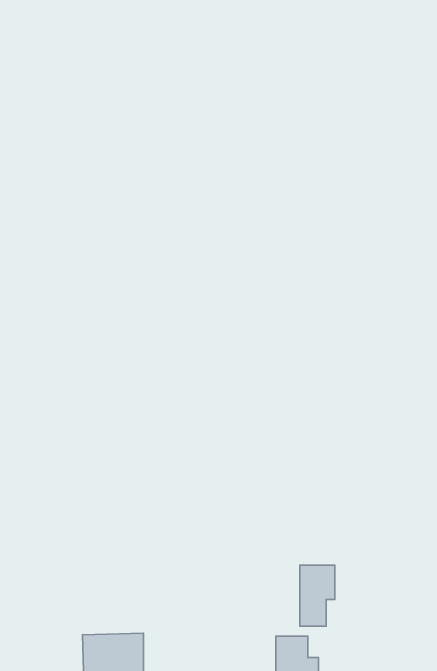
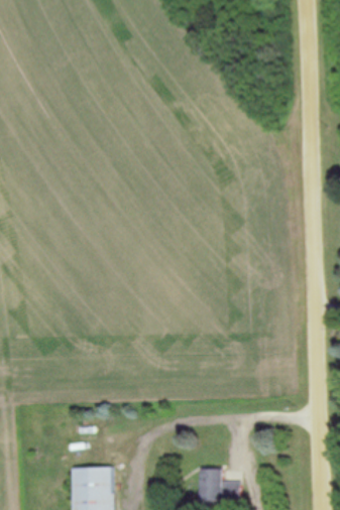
building: [300,565,335,626] -> none

